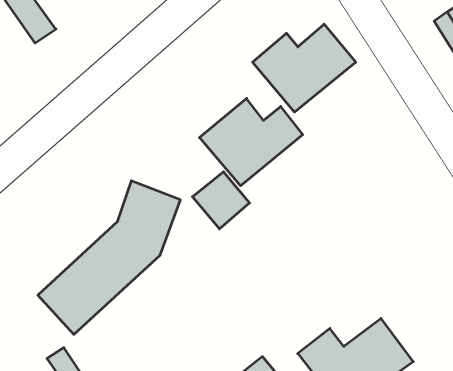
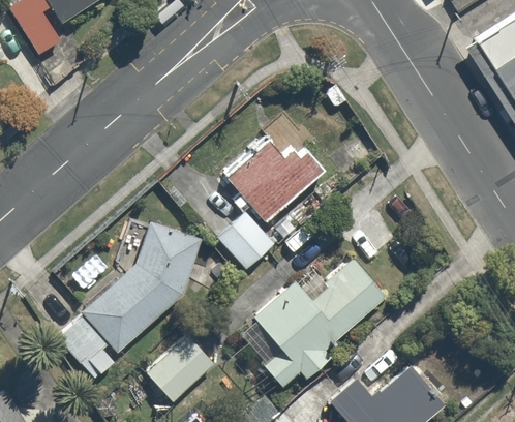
building: [253,24,356,112] -> none
building: none -> [254,258,387,389]
building: none -> [149,333,219,400]

